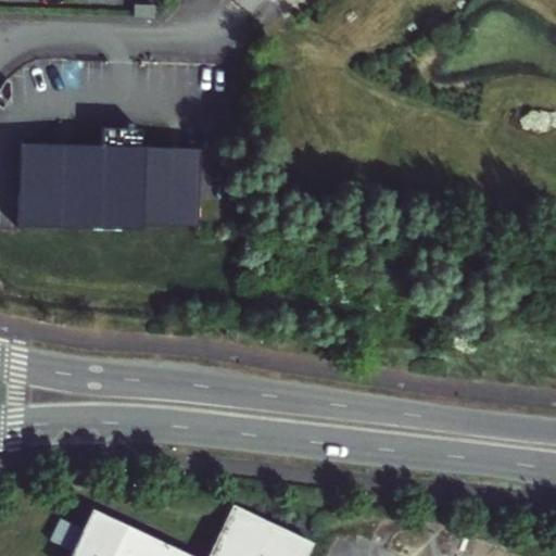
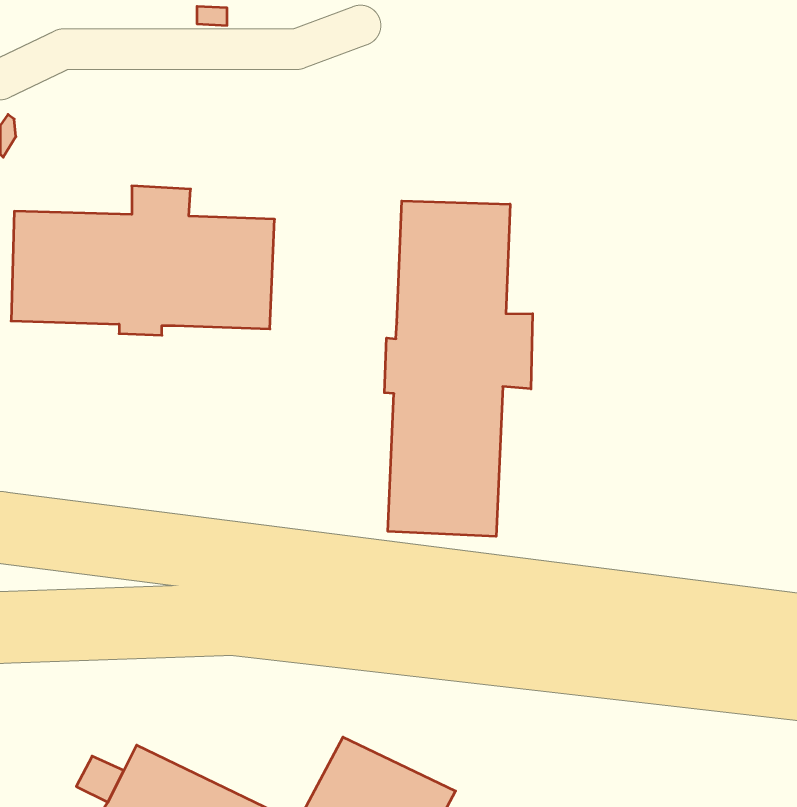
building: none -> [384,201,533,536]

